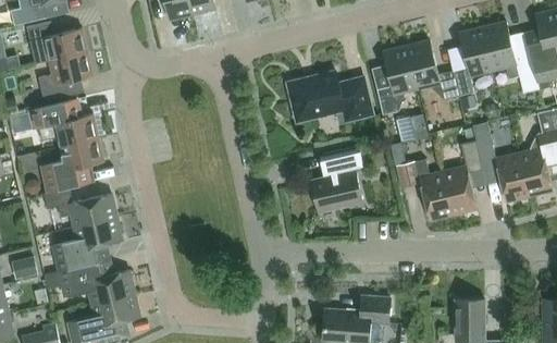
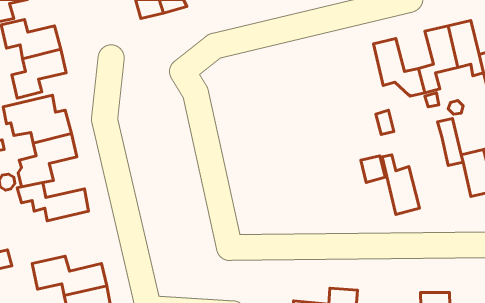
building: [376,46,417,114] -> none
building: [287,71,373,123] -> none
building: [443,140,483,213] -> none
building: [311,146,363,217] -> none
building: [55,217,122,270] -> none

